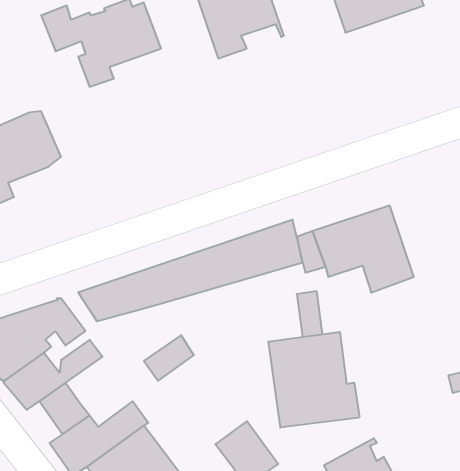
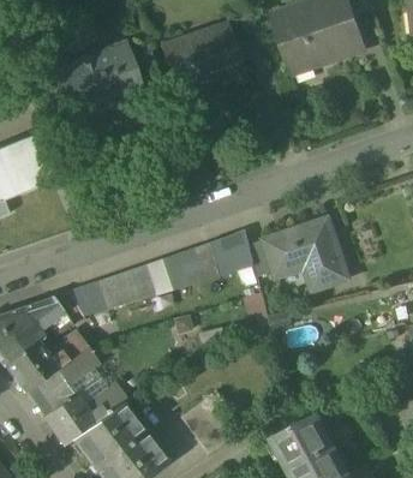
building: [269,332,359,428] -> none
building: [144,335,194,381] -> [56,345,98,383]

